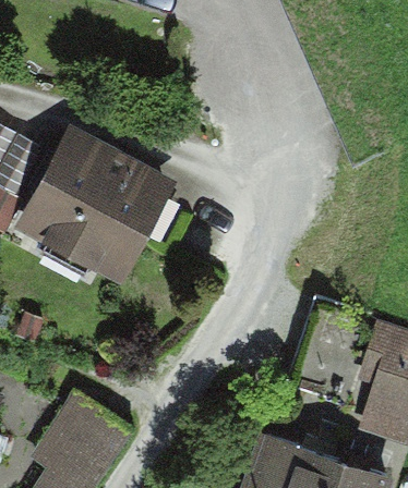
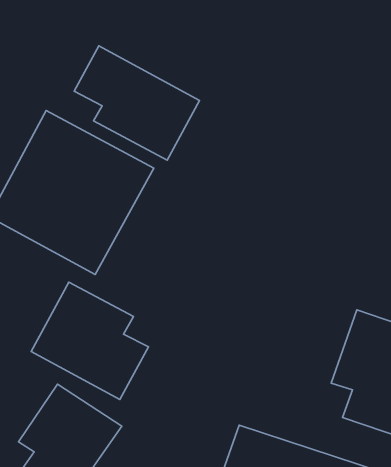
building: none -> [74,46,200,160]
building: none -> [31,282,148,399]

